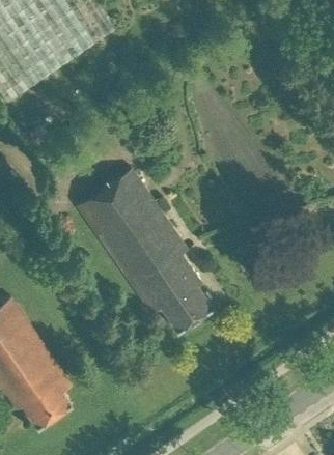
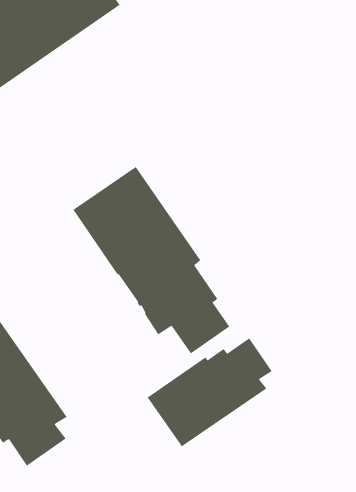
building: none -> [147,337,273,447]

